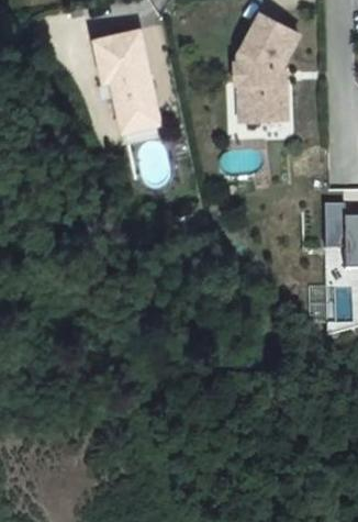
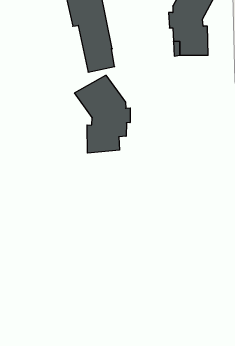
building: none -> [75,75,130,153]

